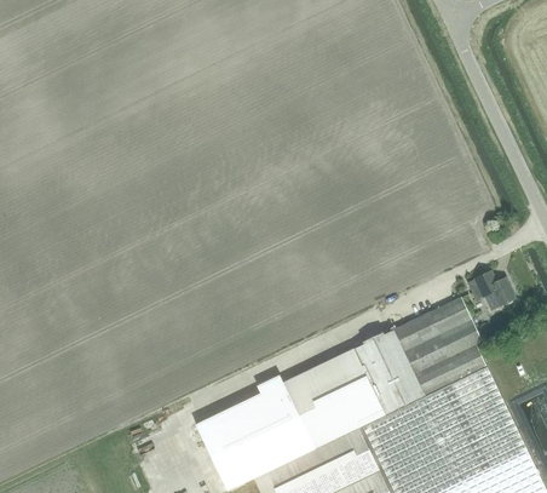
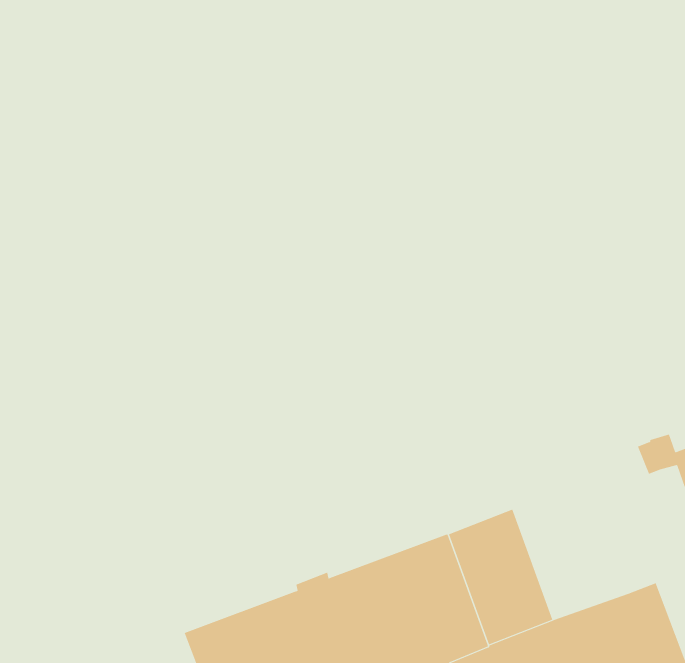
building: [393,298,486,396] -> none

